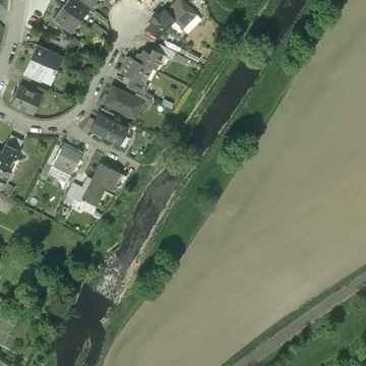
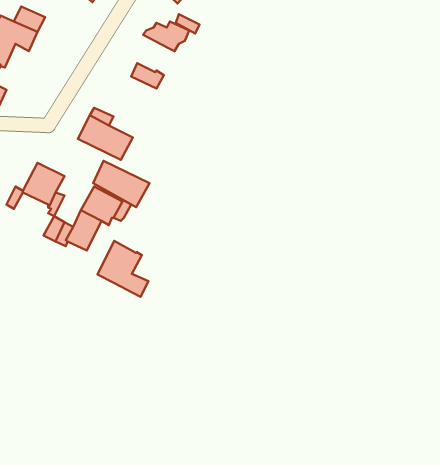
building: [121,57,151,84] -> none
building: [105,87,143,119] -> [93,161,150,207]
building: none -> [97,241,148,297]

